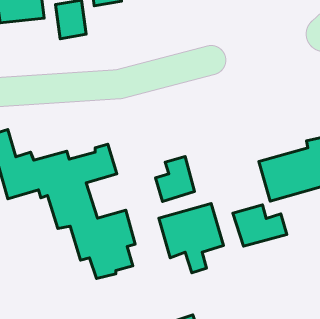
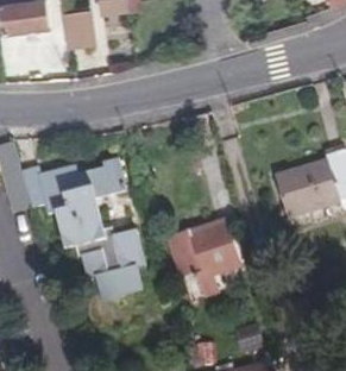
building: [156,156,195,202] -> none
building: [233,205,287,246] -> none

